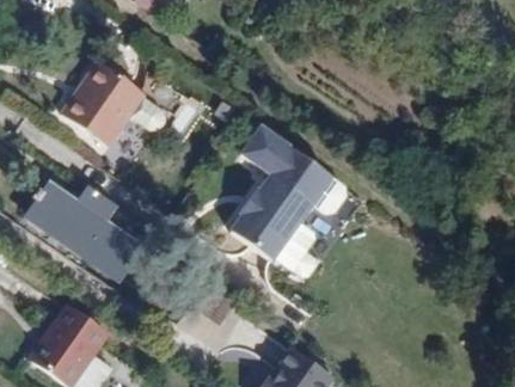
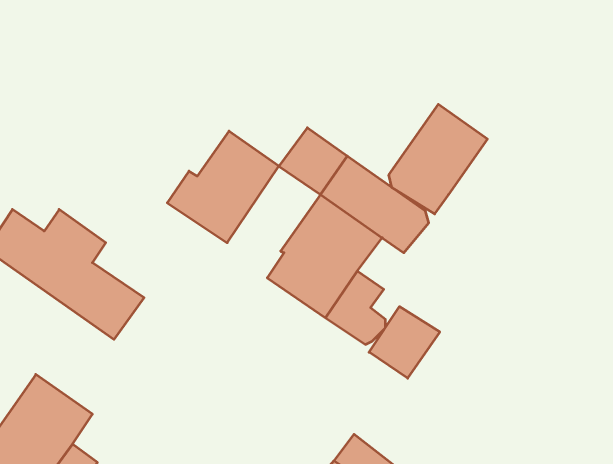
building: [57,60,137,140] -> [167,131,279,243]
building: none -> [389,104,487,214]
building: none -> [369,307,440,378]

